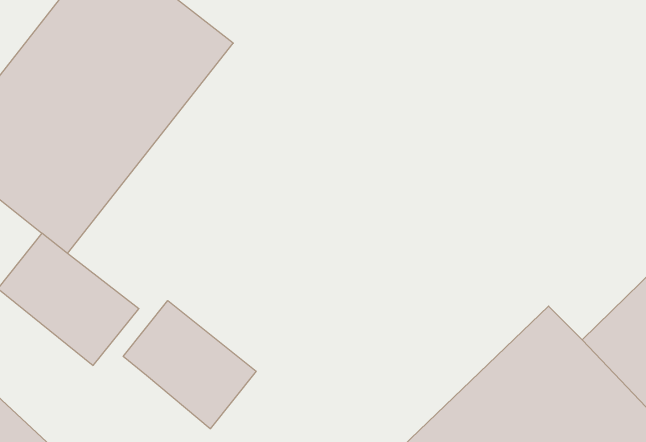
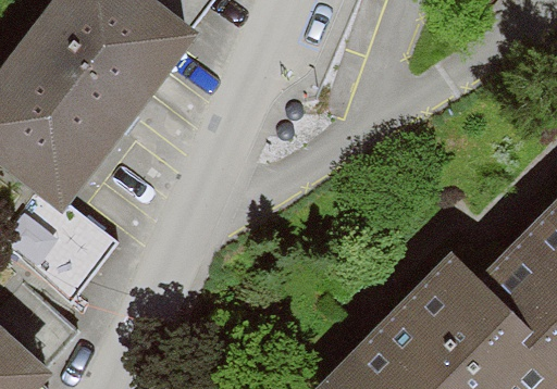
building: [123,301,256,429] -> none

